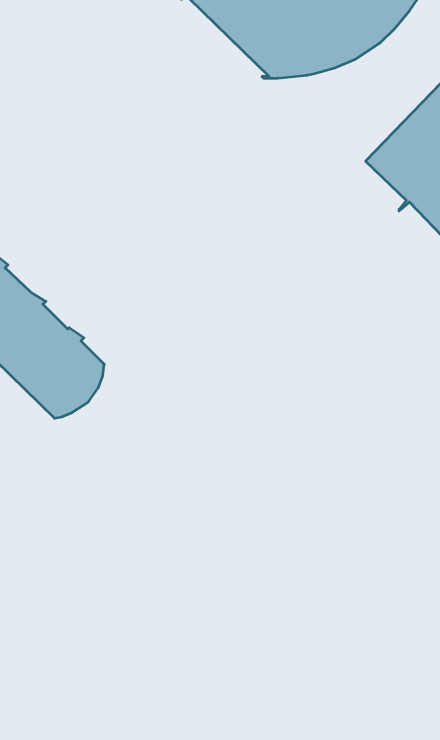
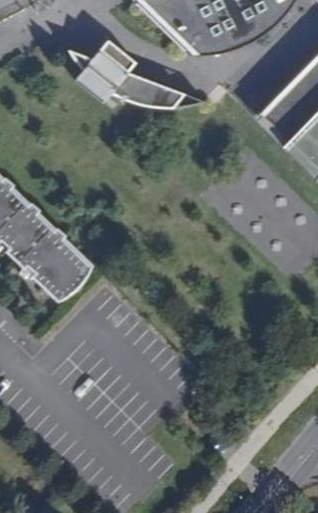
building: none -> [68,39,205,107]

